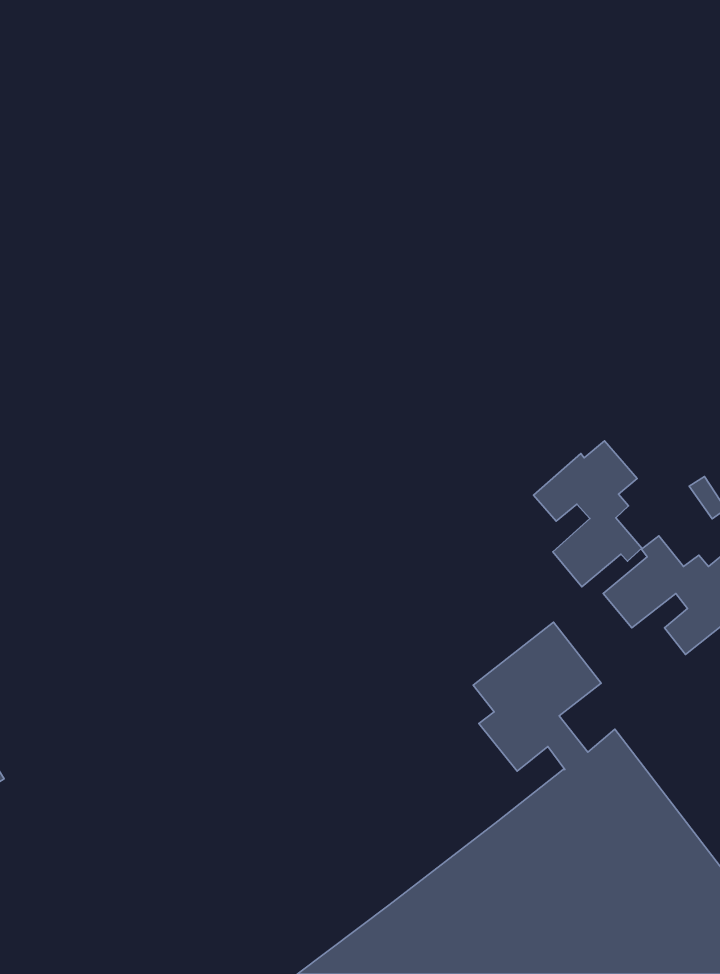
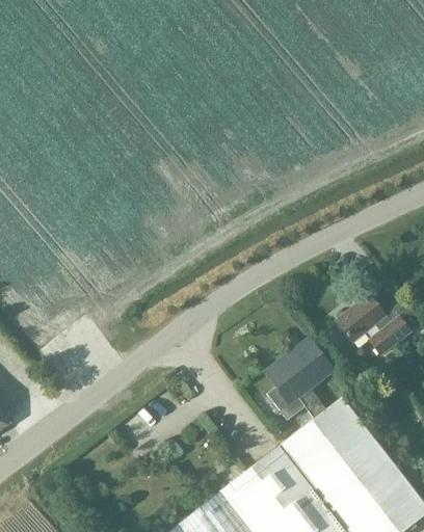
building: [533,441,642,587] -> none

